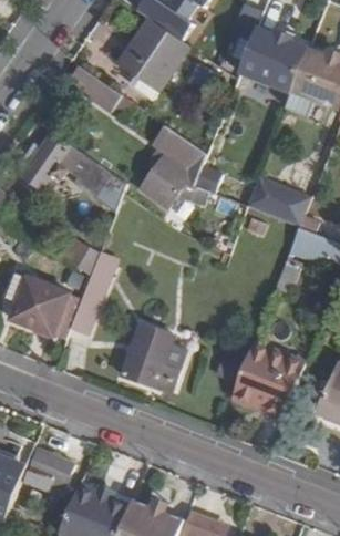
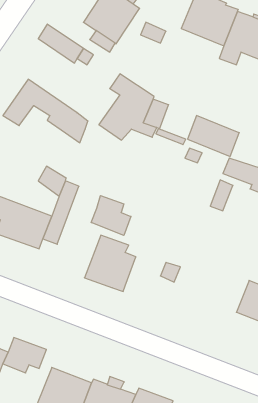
building: none -> [91,196,131,235]
building: [234,342,305,416] -> none

